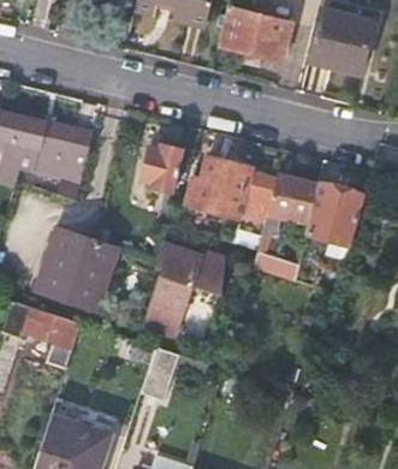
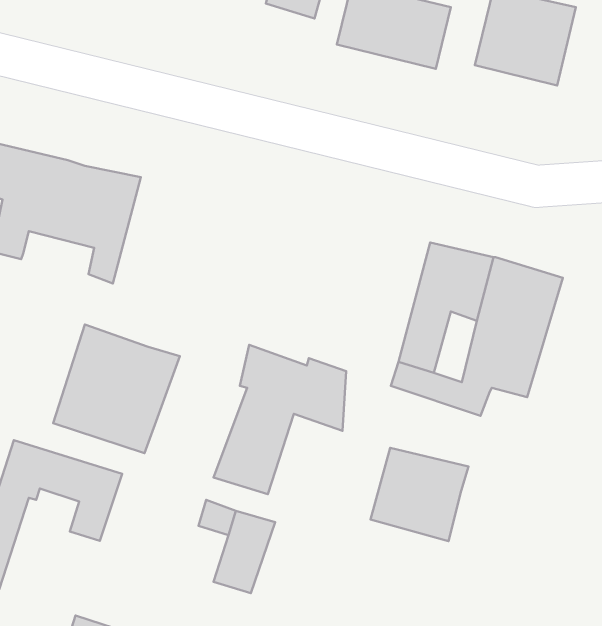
building: [143,143,185,190] -> none
building: [186,155,251,216] -> none
building: none -> [371,448,469,541]

